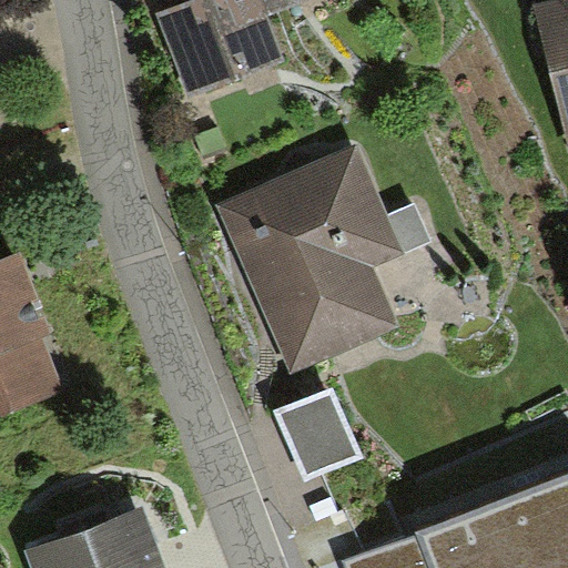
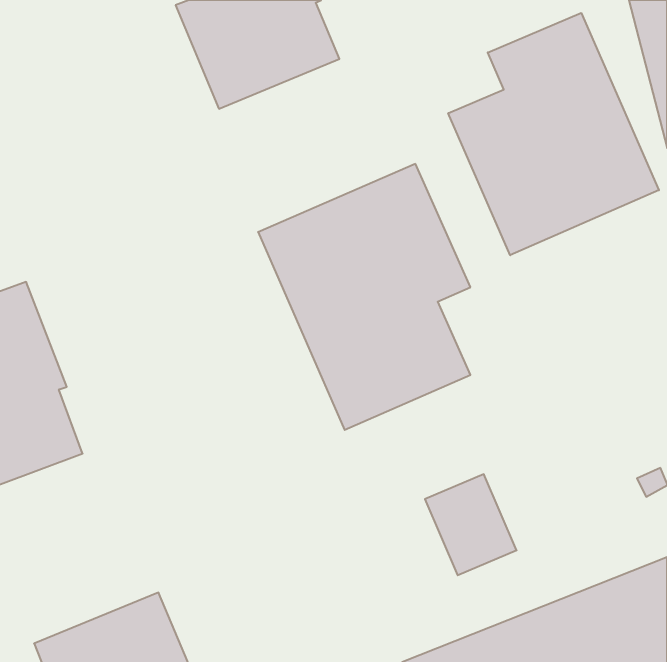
building: none -> [448,13,659,255]
building: [280,387,357,473] -> [425,474,517,575]

